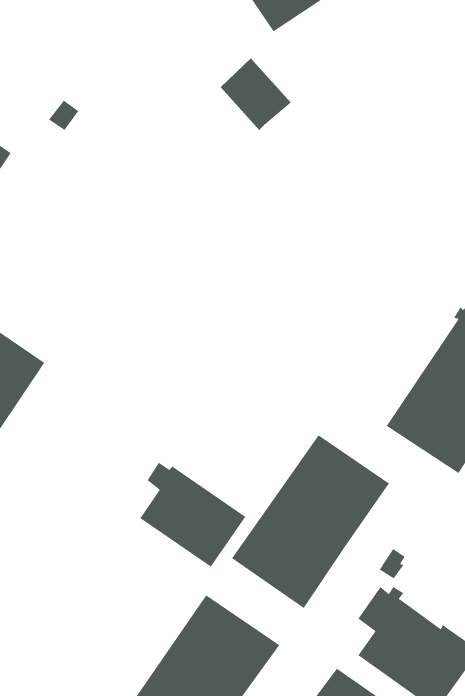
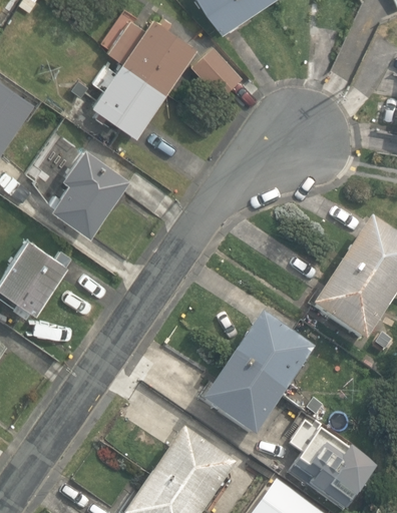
building: none -> [89,17,194,136]
building: none -> [48,147,127,235]
building: [140,462,246,568] -> none

